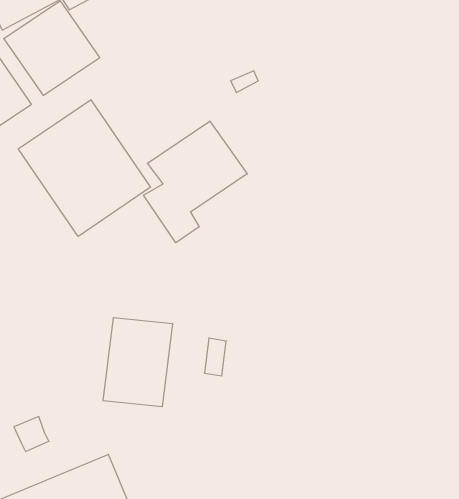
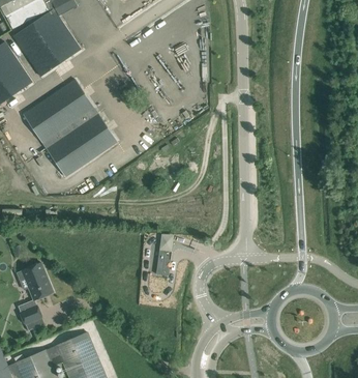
building: [144,121,247,243] -> none
building: [103,317,173,407] -> none
building: none -> [17,263,53,300]

